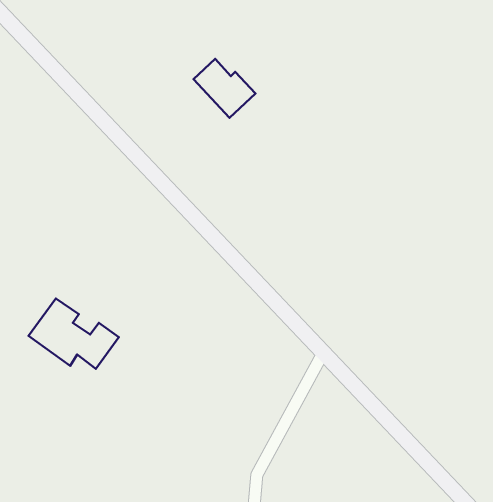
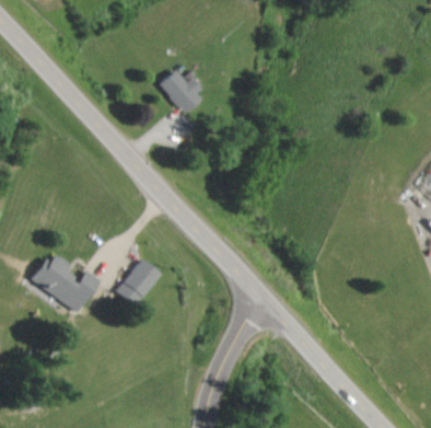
building: none -> [119,257,162,306]

